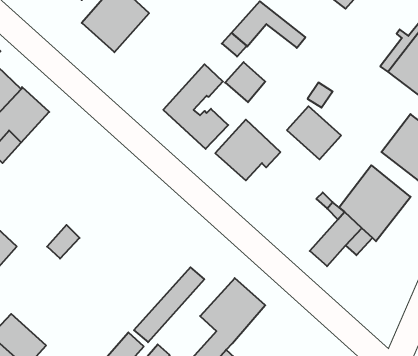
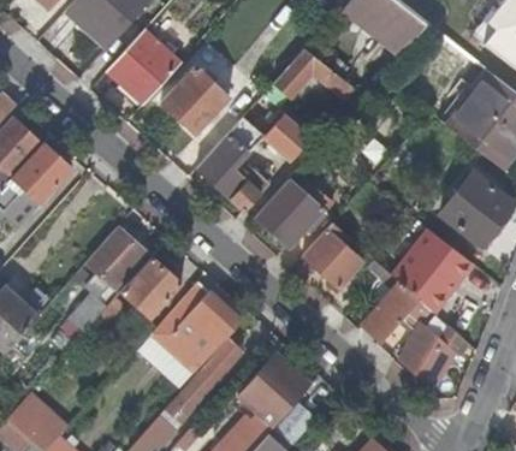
building: none -> [160,65,229,132]
building: [287,106,341,159] -> [302,229,362,287]
building: none -> [85,227,146,298]
building: none -> [120,257,180,319]
building: none -> [154,283,239,370]
building: none -> [399,325,462,388]

